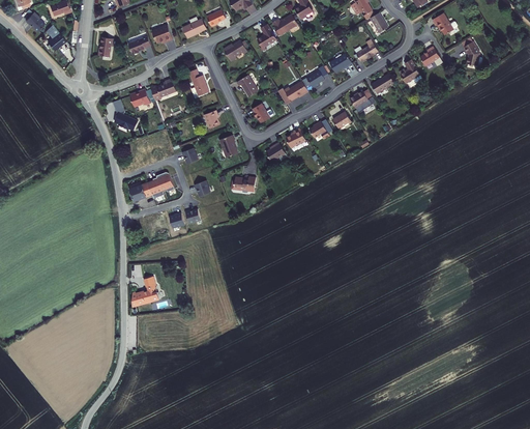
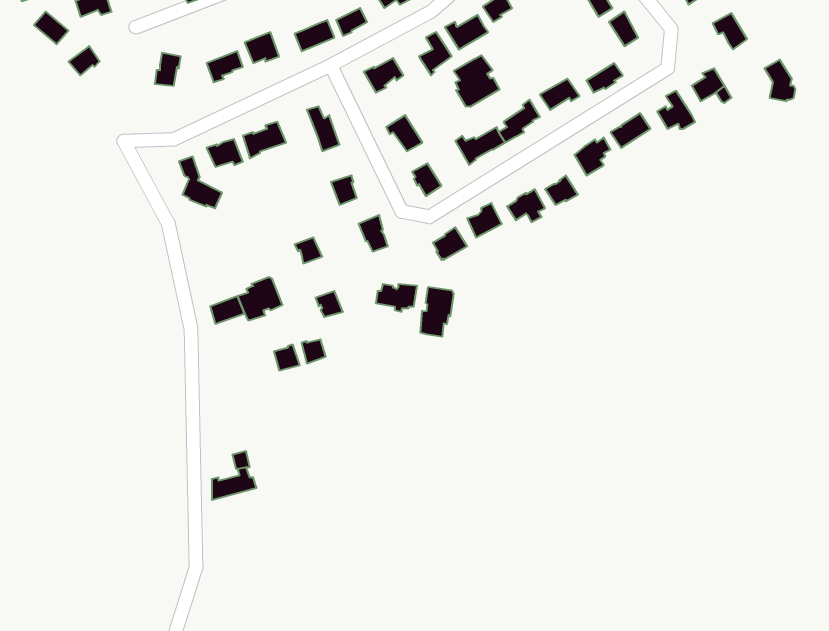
building: none -> [454,55,500,107]
building: none -> [420,287,454,337]

